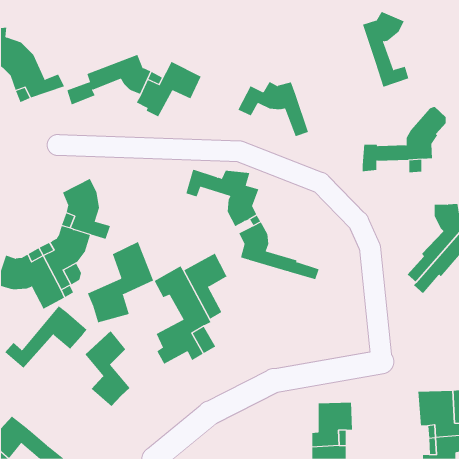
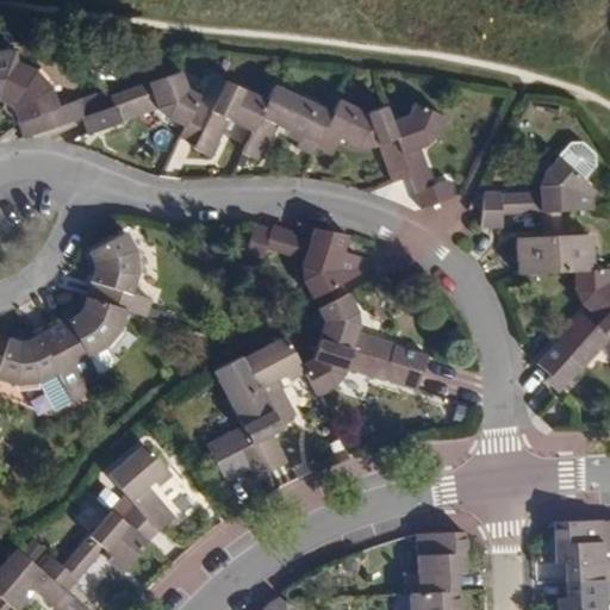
building: [362,11,409,88] -> [393,107,455,208]
building: none -> [243,82,334,161]
building: none -> [517,232,593,273]
building: [87,241,154,323] -> none
building: none -> [301,341,419,396]
building: [5,305,87,368] -> [39,506,149,590]

